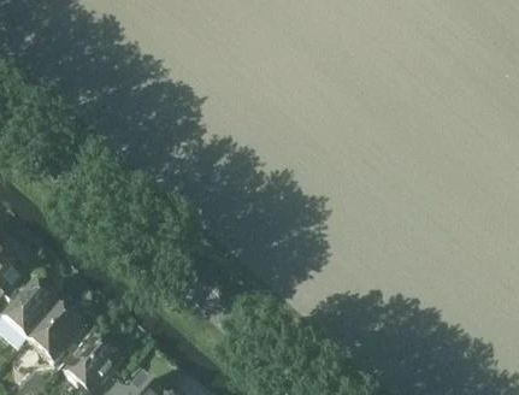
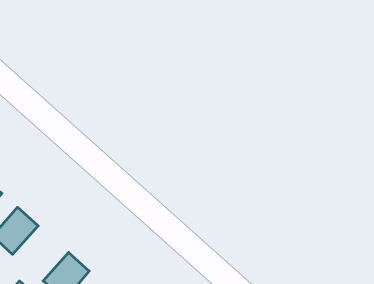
building: [28,301,85,359] -> none

